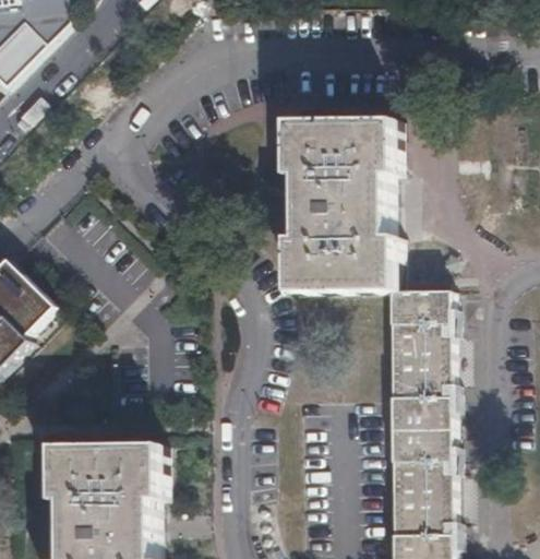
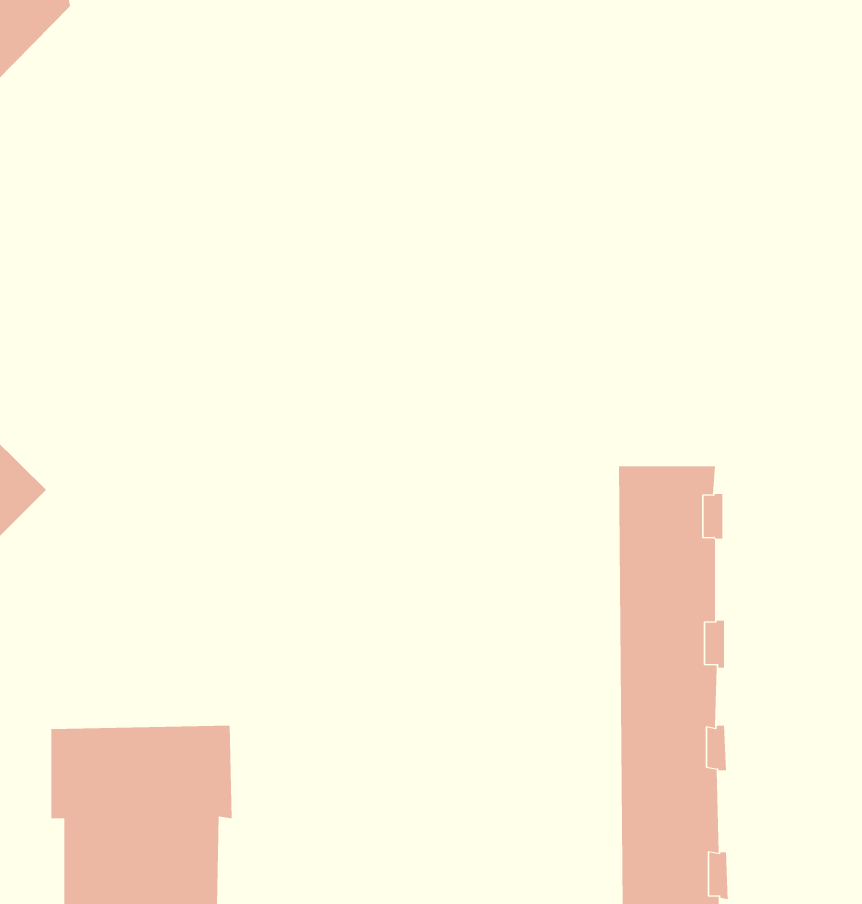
building: [288,122,397,293] -> none

